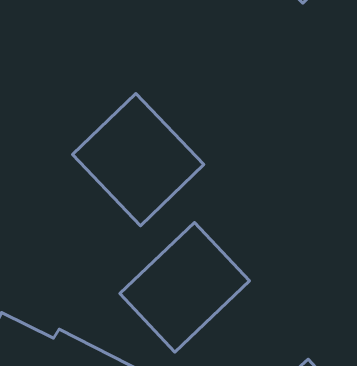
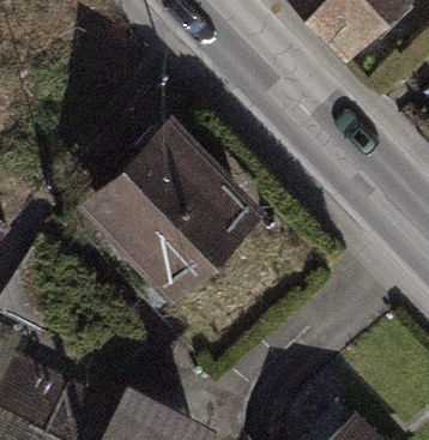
building: [120,222,249,352] -> none

